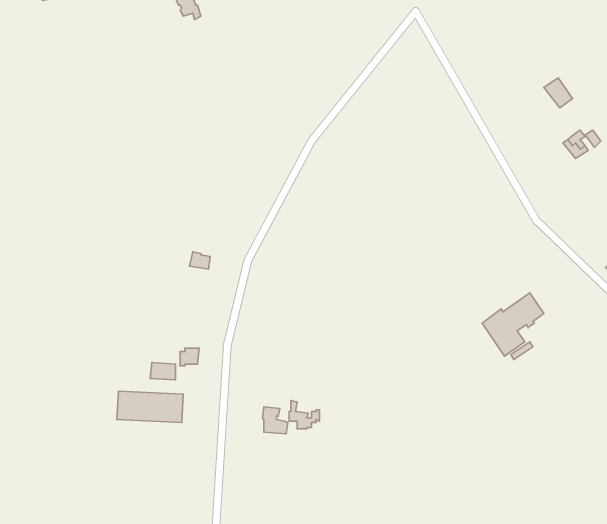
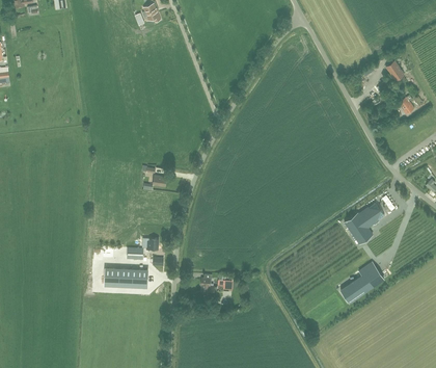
building: none -> [340,265,384,303]

